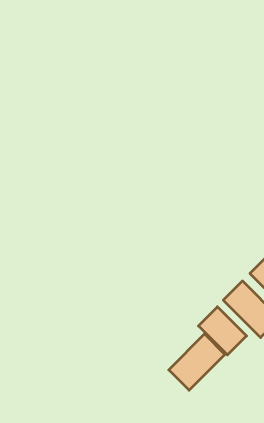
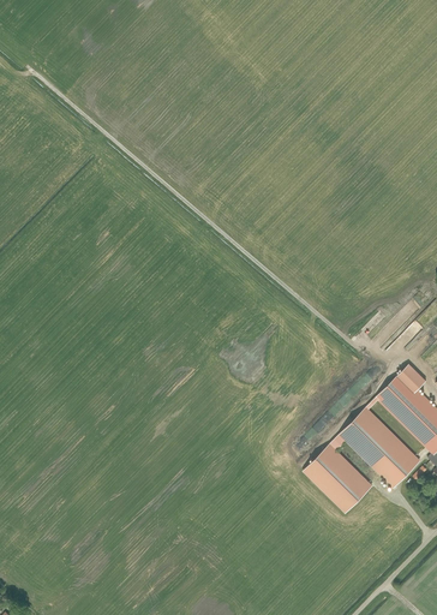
building: [169,334,225,390] -> none

